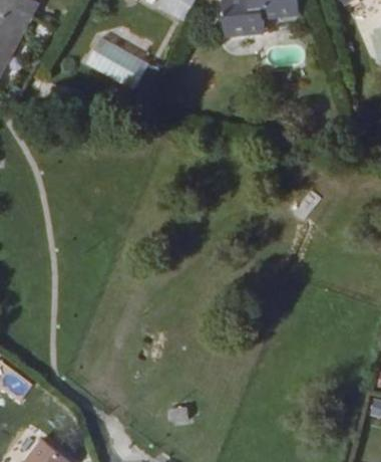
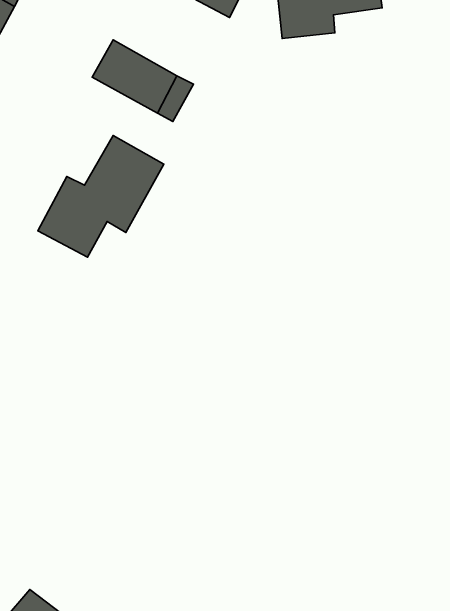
building: none -> [38,136,164,257]

